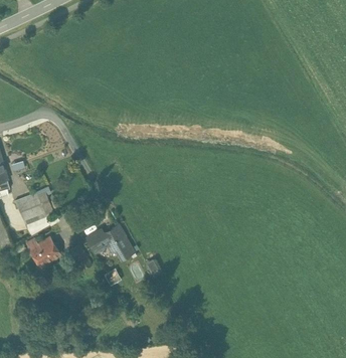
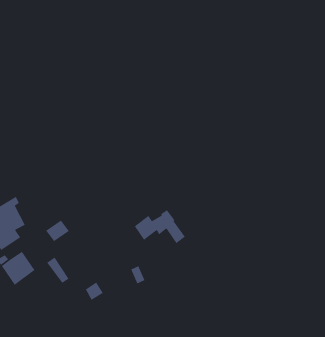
building: [87,224,133,256] -> [134,209,186,244]

